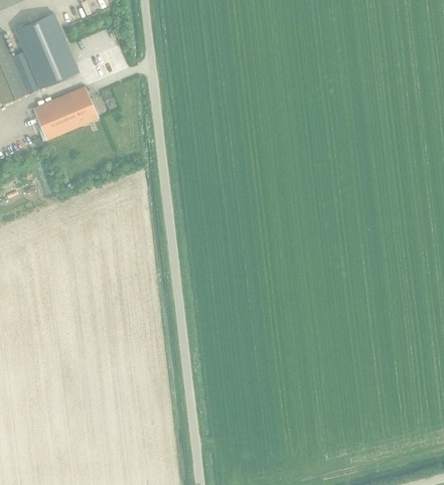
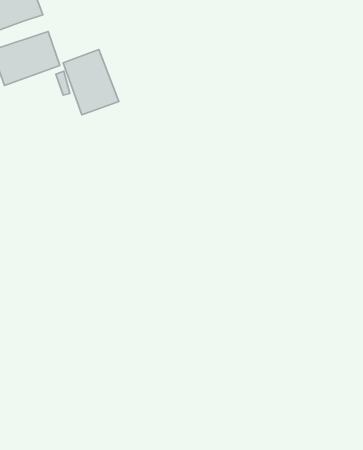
building: none -> [63,49,119,115]

